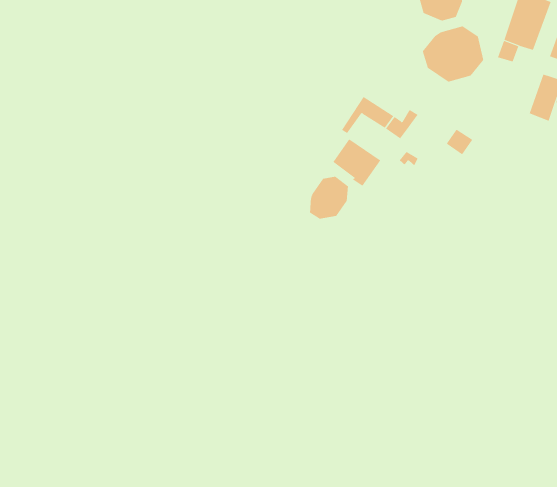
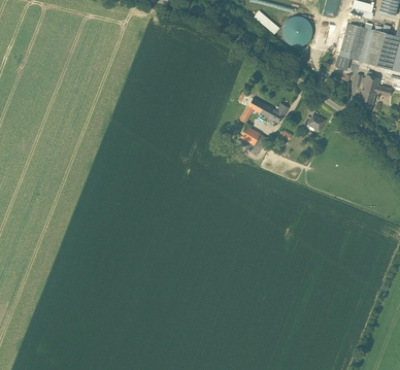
building: [422,25,484,83] -> none
building: [309,176,348,220] -> none

